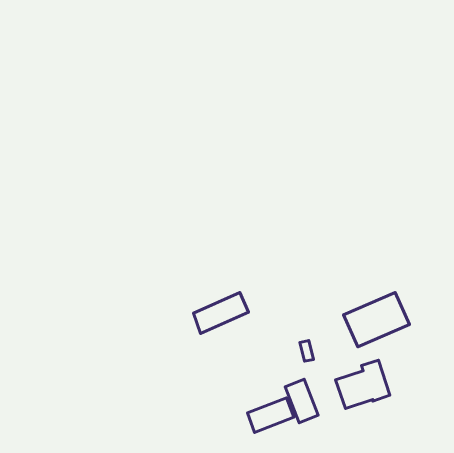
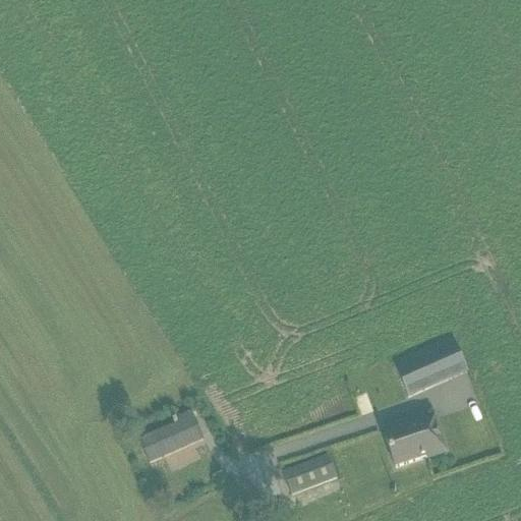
building: [193,293,249,334] -> [140,415,204,462]
building: [285,379,318,423] -> none

